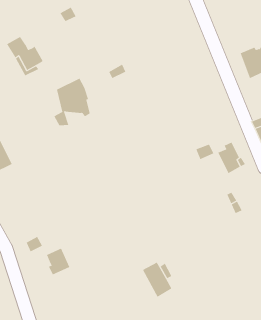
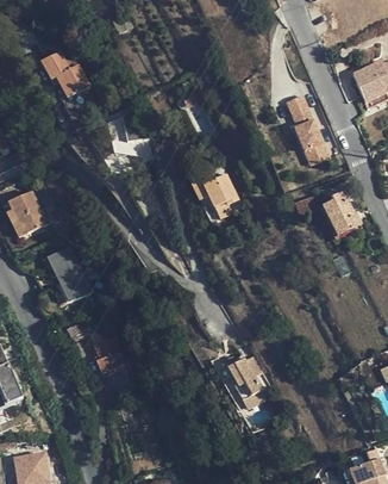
building: none -> [286,94,328,165]
building: none -> [189,170,238,221]
building: none -> [48,244,93,300]

